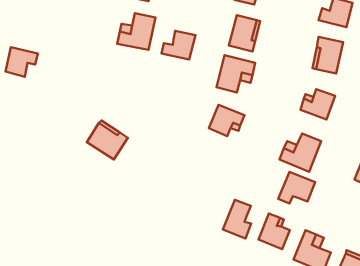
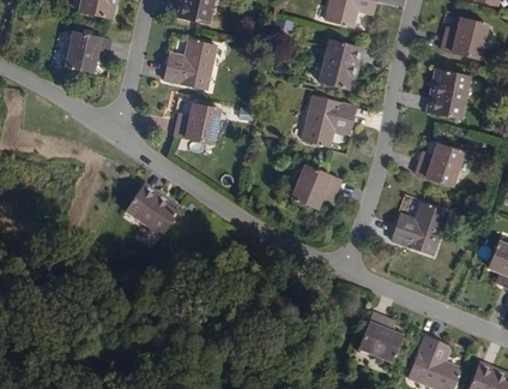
building: [161,31,195,60] -> [174,103,220,143]
building: [6,47,38,77] -> [55,28,99,68]
building: [278,172,315,203] -> none
building: [223,200,251,239] -> none

